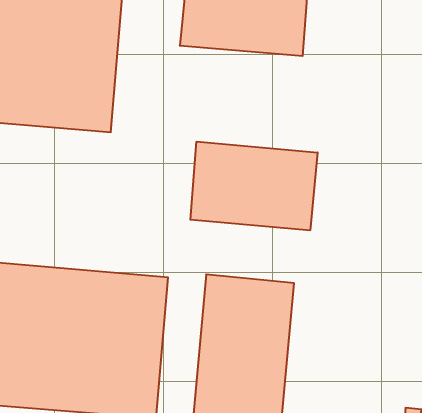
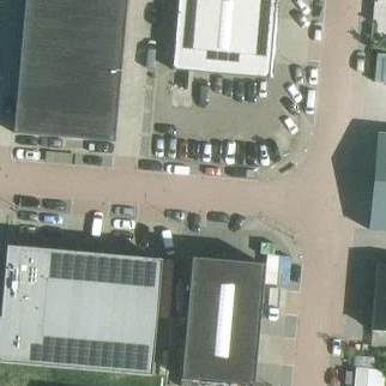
building: [190,142,318,230] -> none

